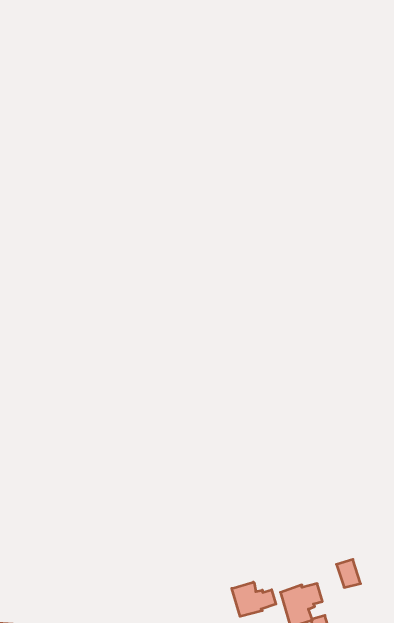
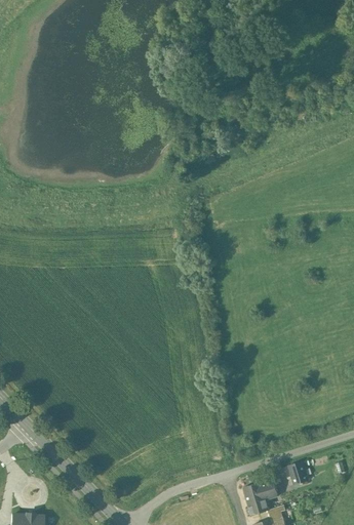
building: [232,582,276,616] -> none

